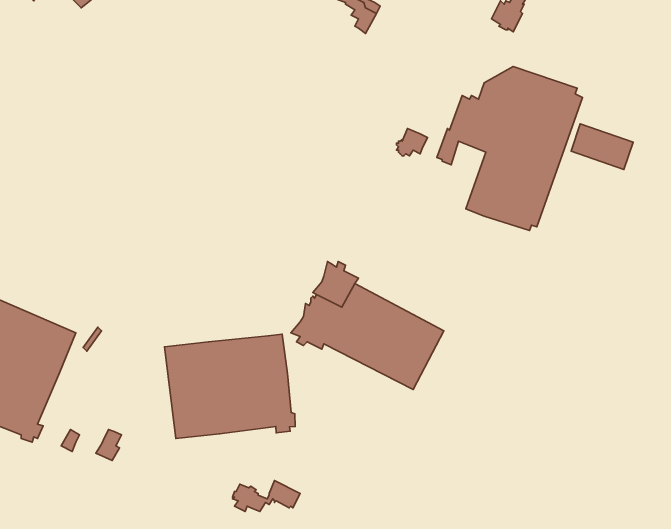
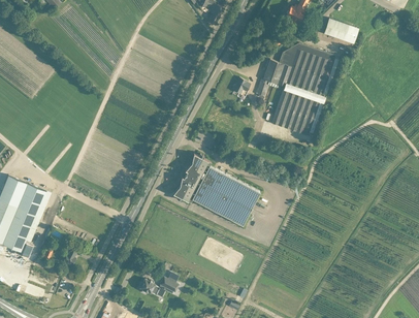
building: [571,124,633,169] -> [323,18,358,43]
building: [164,334,295,438] -> none

